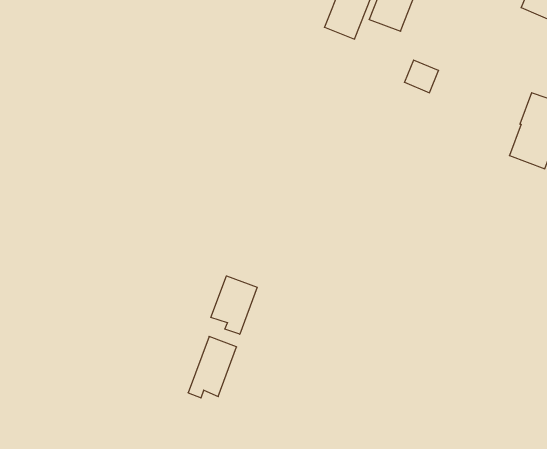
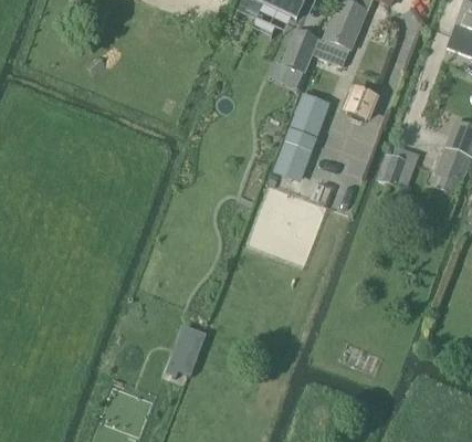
building: none -> [275,95,326,171]
building: none -> [378,152,417,189]
building: [211,276,257,334] -> none

